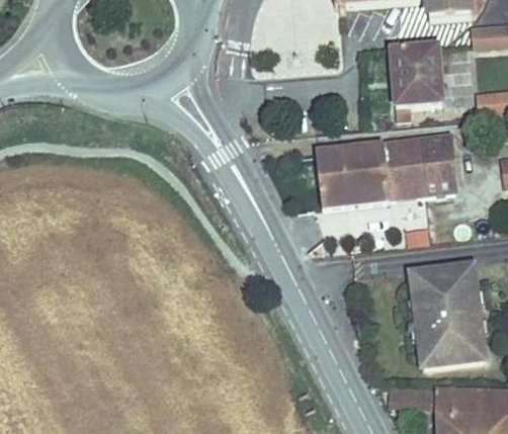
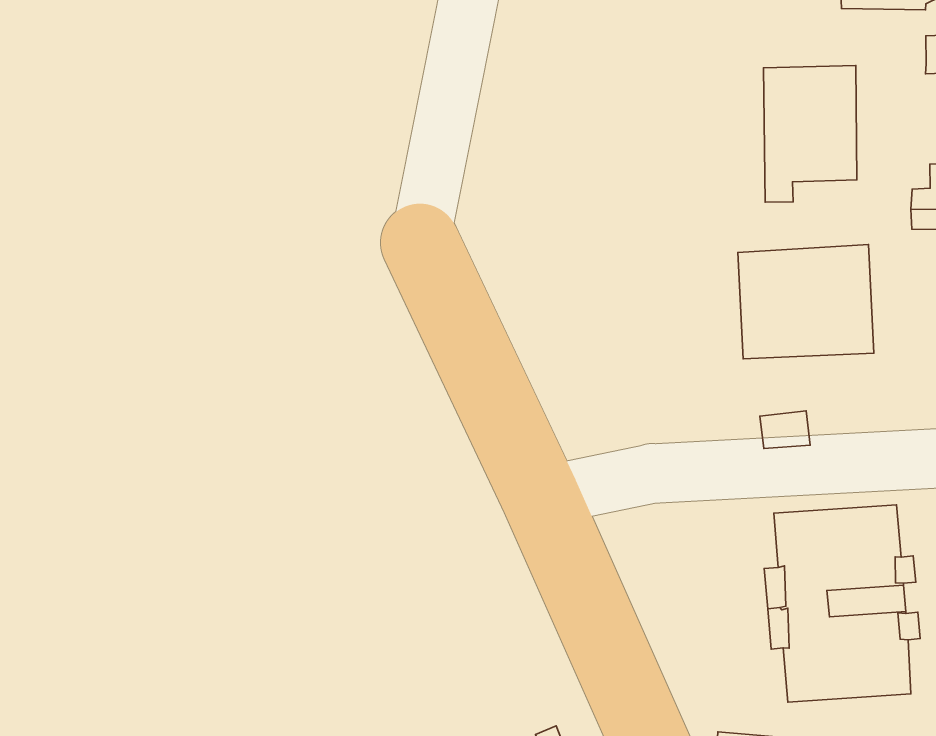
building: [317,143,391,204] -> none

